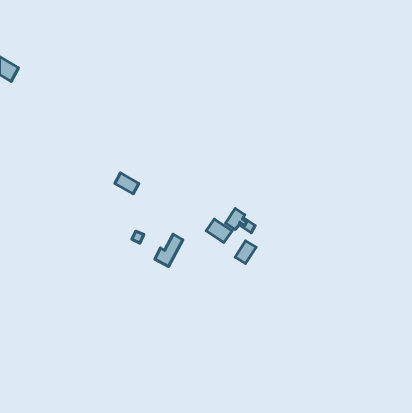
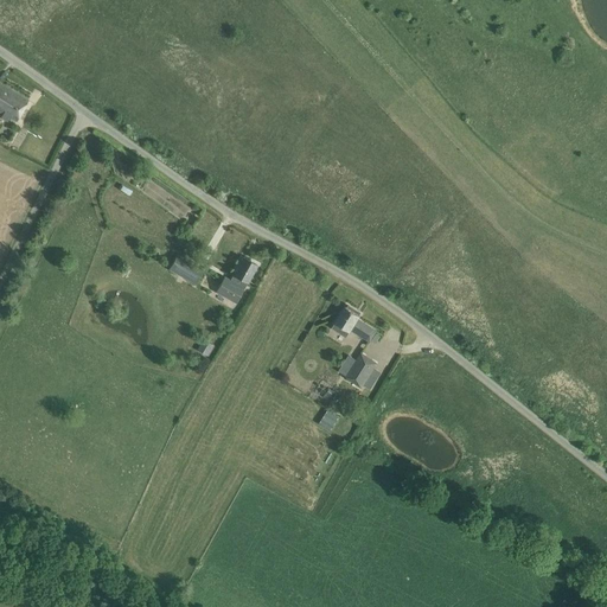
building: [206,219,232,243] -> none
building: [155,234,183,267] -> [215,256,256,304]

